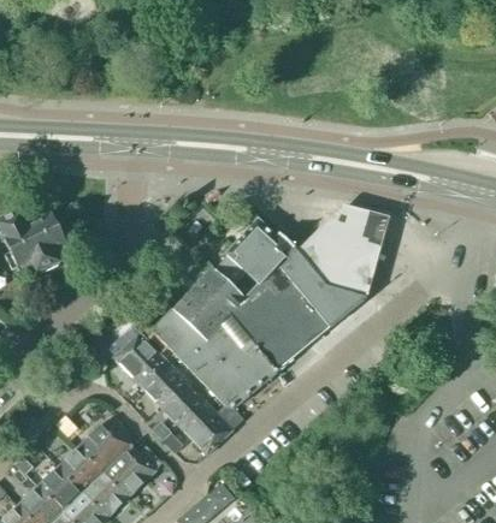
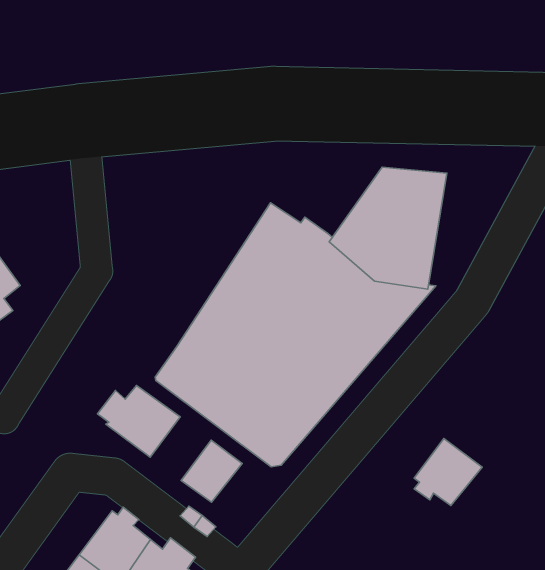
building: [140,361,185,406] -> none
building: [178,402,232,454] -> none
building: none -> [414,438,482,505]

